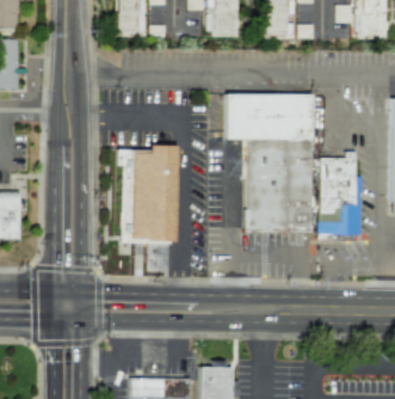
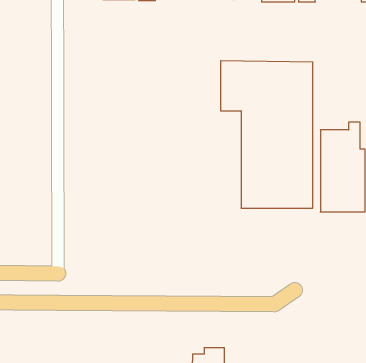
building: [119,151,175,244] -> none

